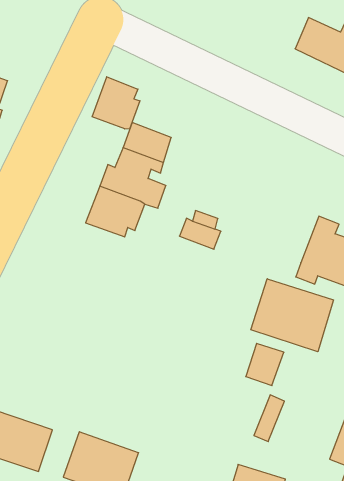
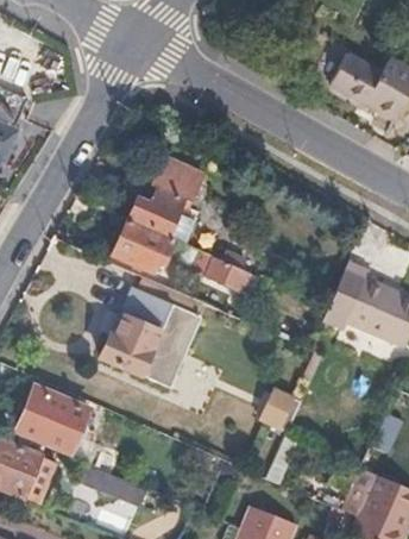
building: [92,77,140,129] -> none
building: none -> [99,276,203,384]
building: [251,279,333,352] -> none
building: none -> [14,387,89,456]

